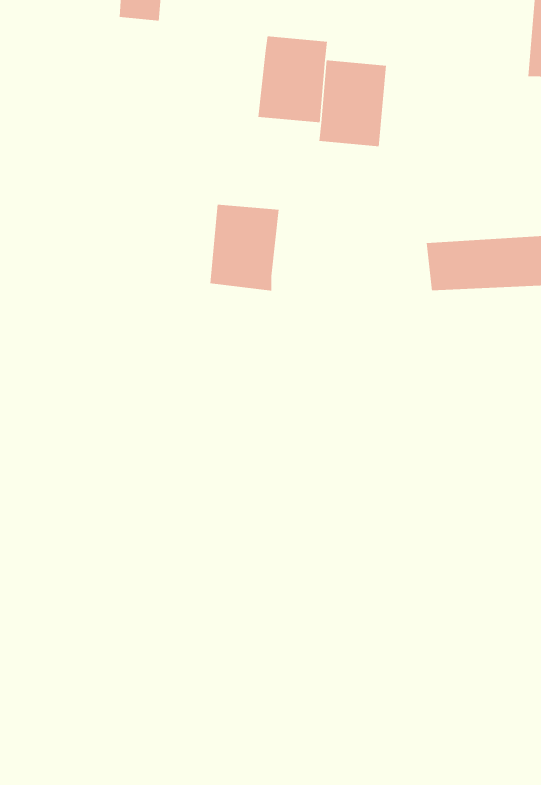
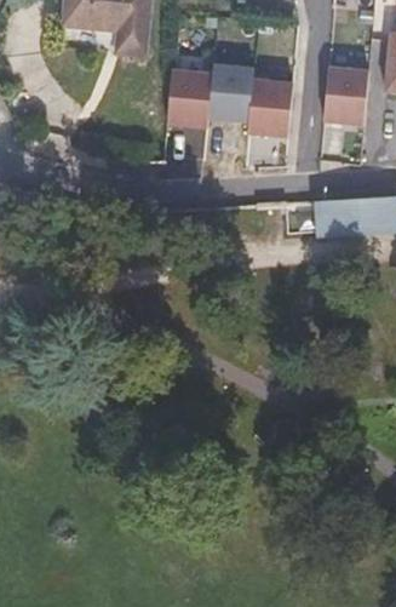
building: none -> [322,69,368,125]
building: [209,204,280,291] -> [166,71,212,128]

